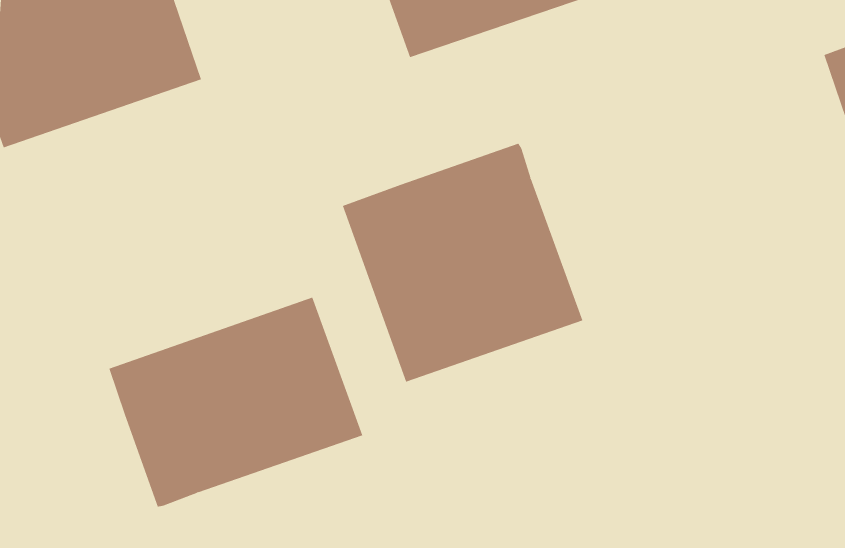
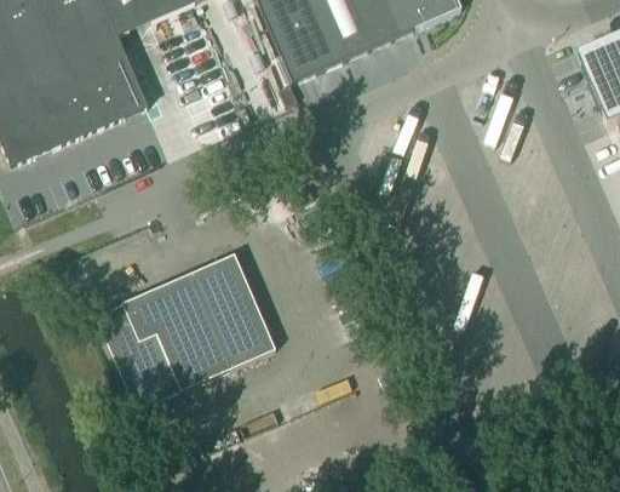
building: [342,143,583,382] -> none

